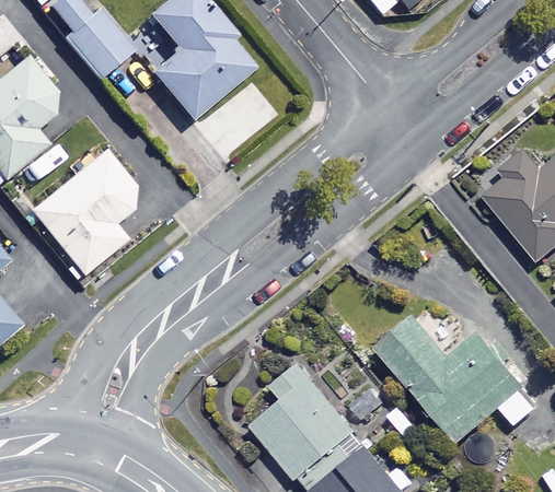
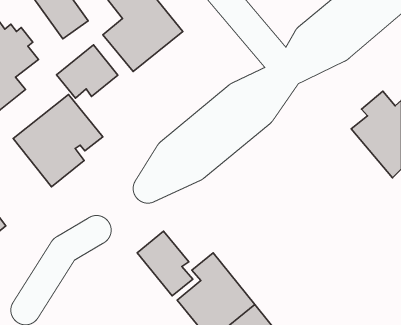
building: none -> [56,45,118,98]
building: [379,319,541,443] -> none
building: none -> [137,231,193,296]

